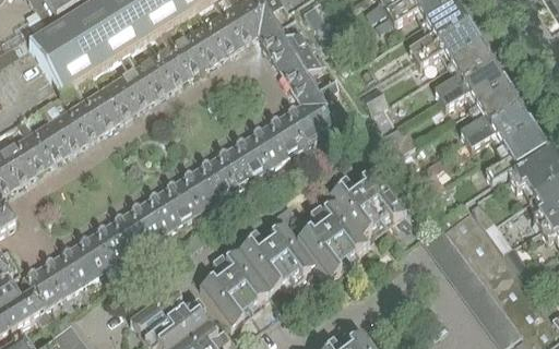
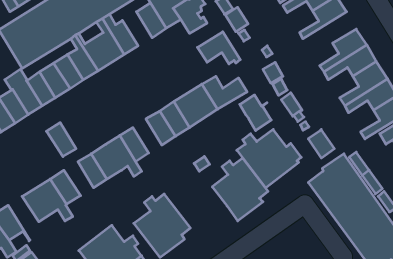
building: [186,20,223,62] -> none
building: [412,20,478,63] -> none
building: [270,28,311,64] -> none
building: [292,71,331,116] -> [240,95,271,131]
building: [199,154,235,196] -> none
building: [112,207,150,250] -> [46,123,76,157]
building: [238,220,317,290] -> none
building: [43,251,81,305] -> none

